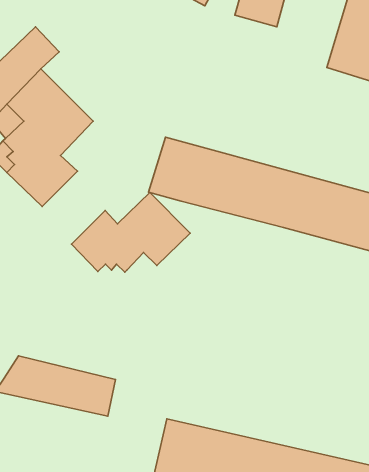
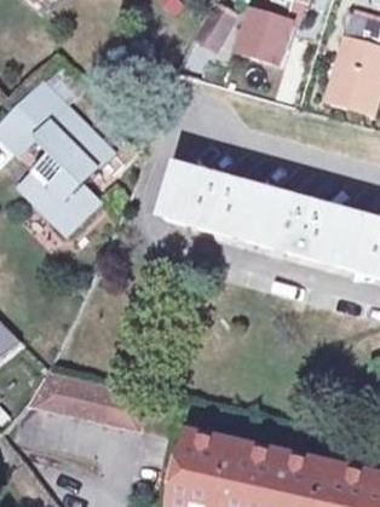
building: [72,192,190,272] -> none

